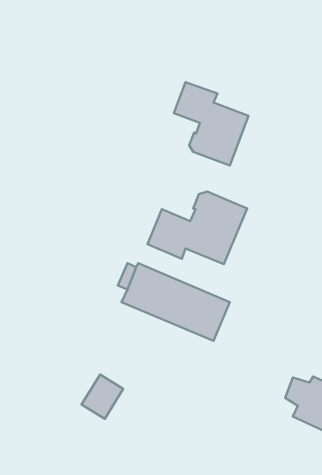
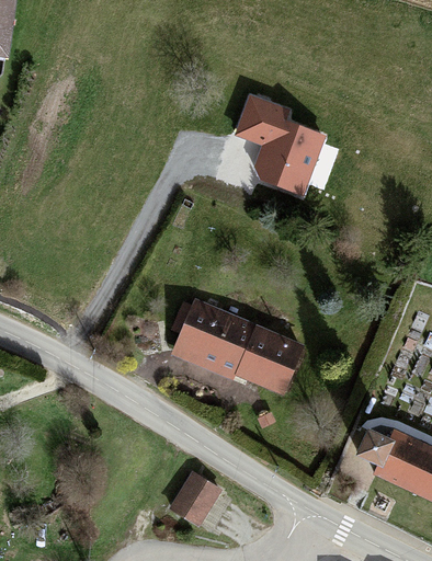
building: [147,192,247,264] -> none
building: [82,374,123,419] -> [170,481,217,531]

